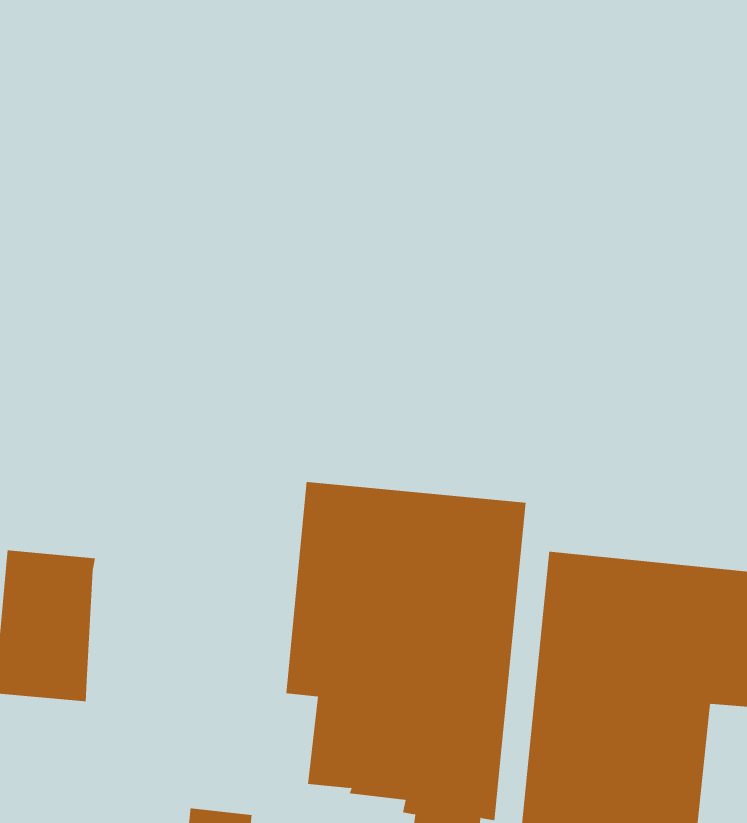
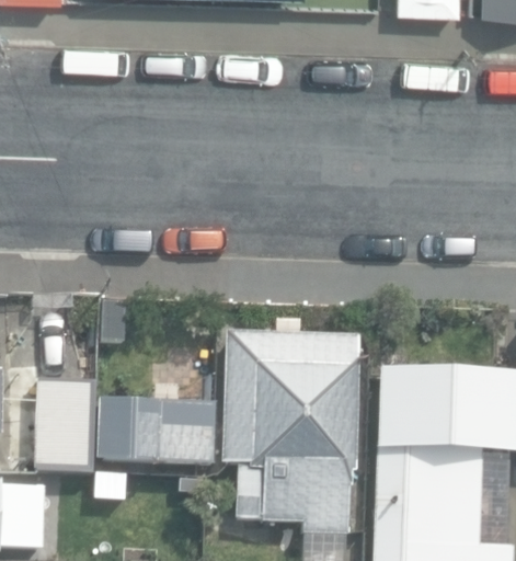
building: none -> [99,399,214,461]

